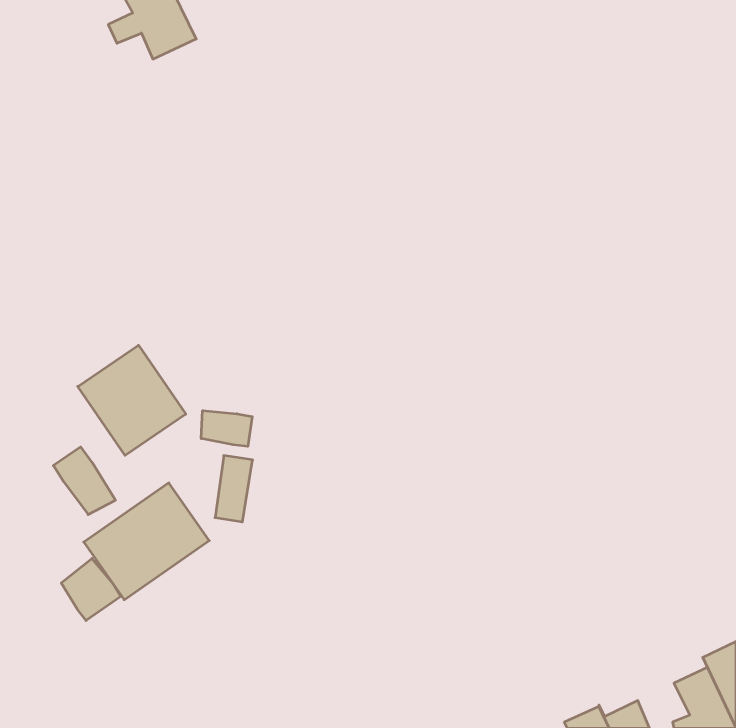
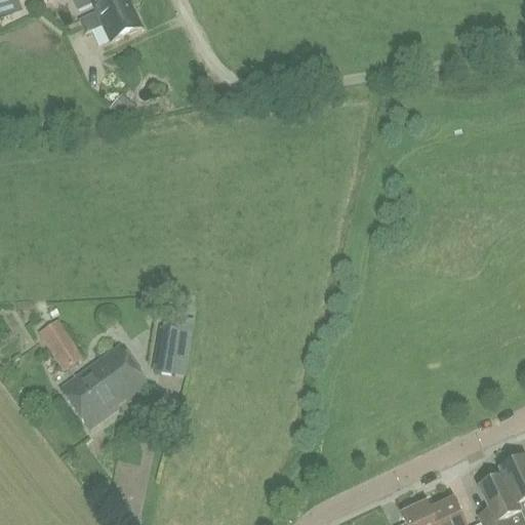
building: [78,345,186,455] -> none
building: [201,411,252,446] -> none
building: [61,558,121,621] -> none

